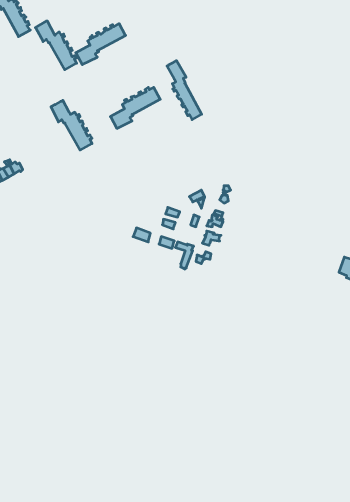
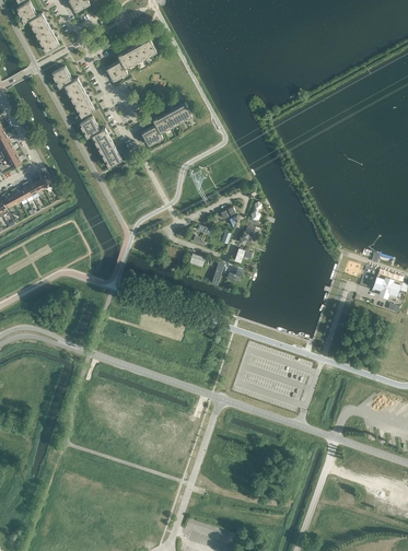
building: [35,21,77,70] -> [54,68,95,117]
building: [167,61,202,120] -> none

